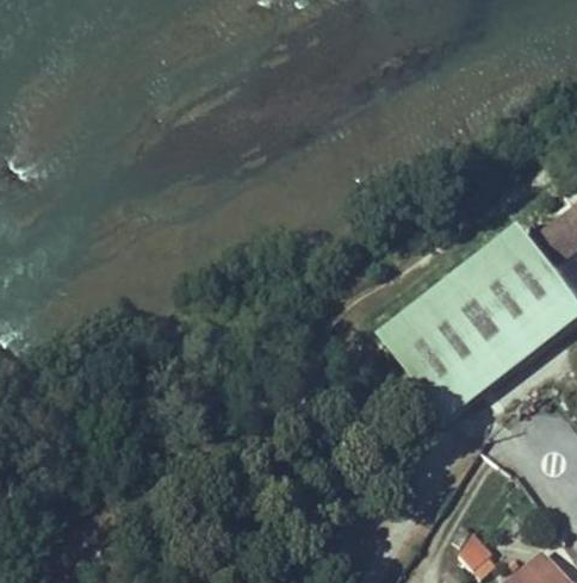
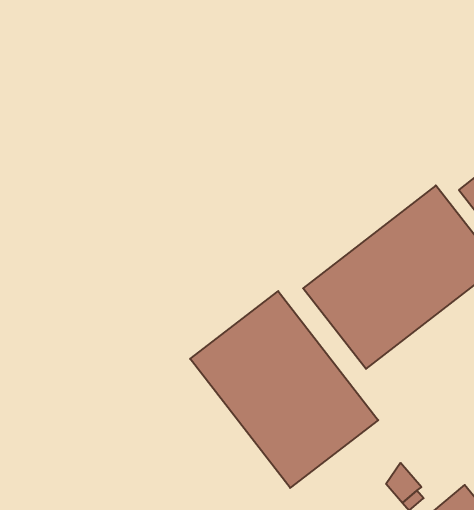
building: none -> [190,291,378,488]

